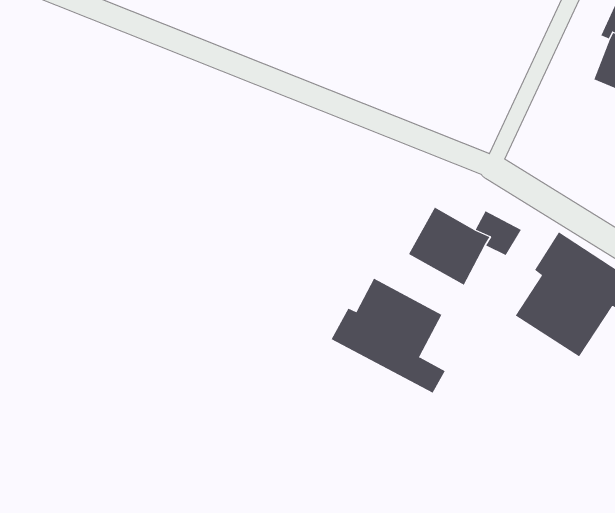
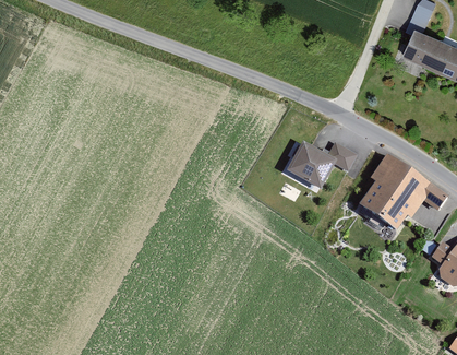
building: [331,278,446,394] -> none

